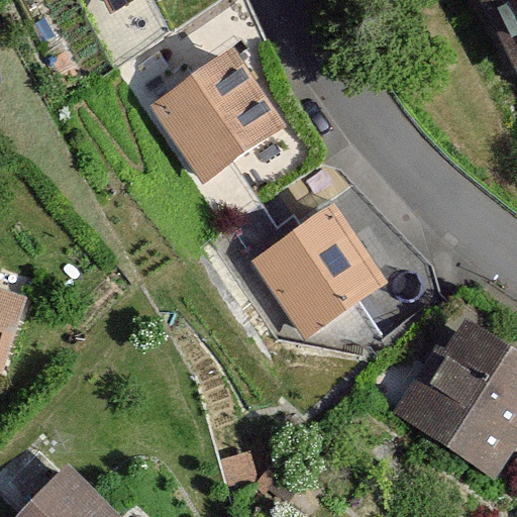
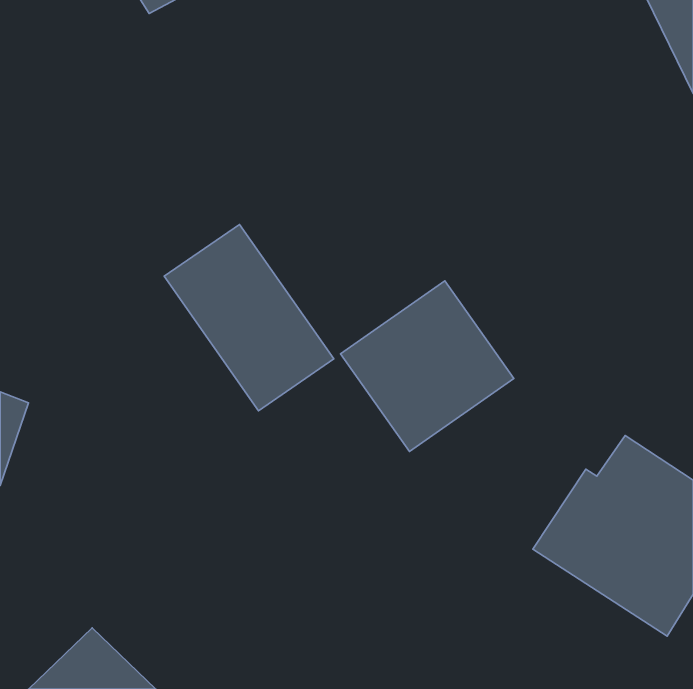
building: [153,51,286,182] -> none
building: none -> [164,224,334,411]

